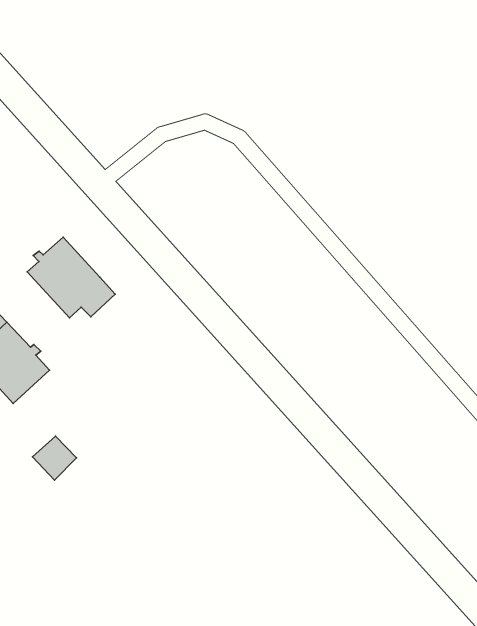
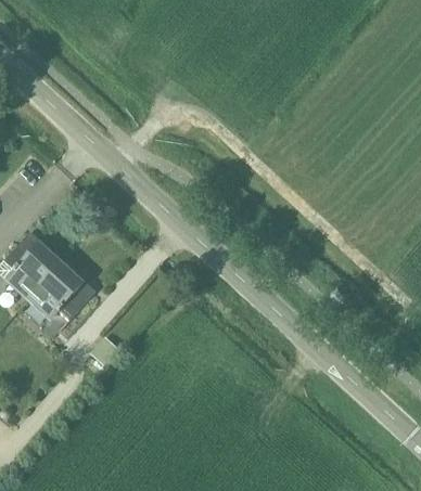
building: [27,237,115,318] -> none

